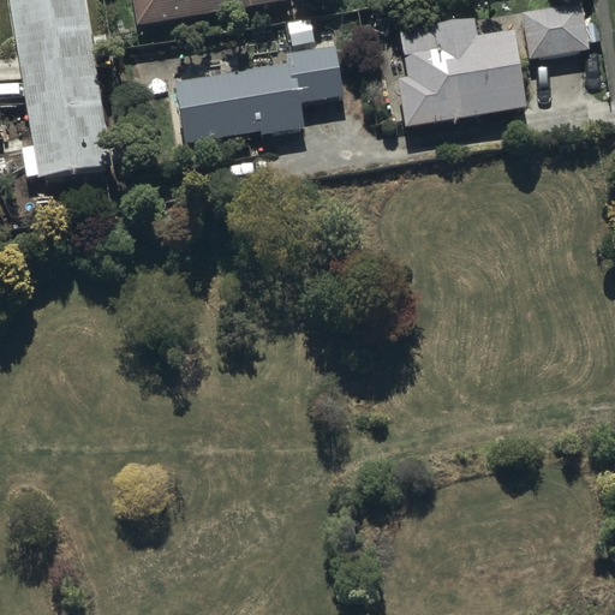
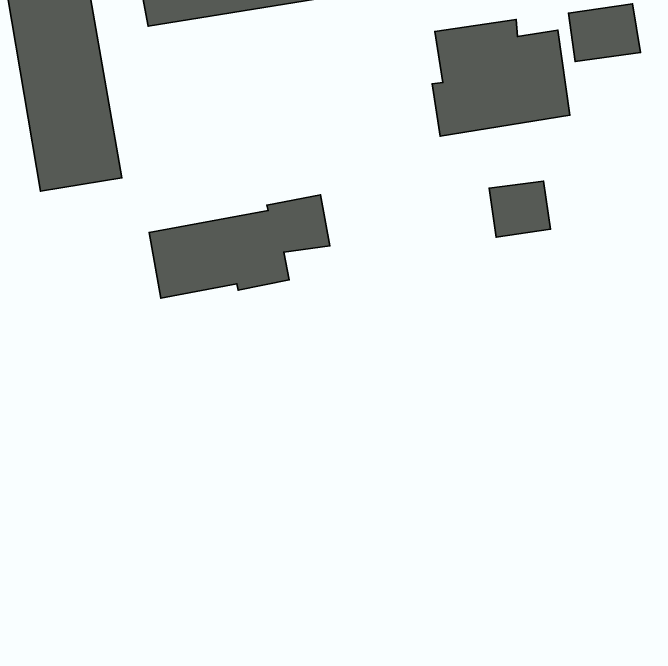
building: [175,48,341,143] -> [149,195,330,298]
building: none -> [489,181,550,237]

